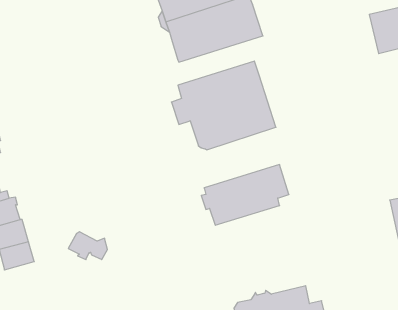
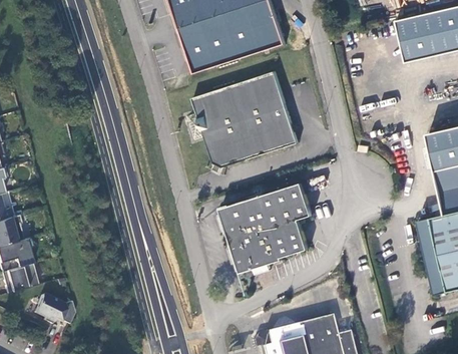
building: none -> [231,225,311,272]
building: [68,232,107,260] -> [34,294,76,324]

